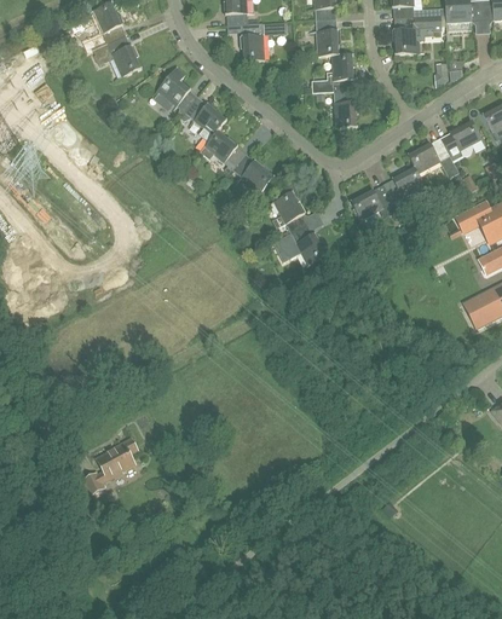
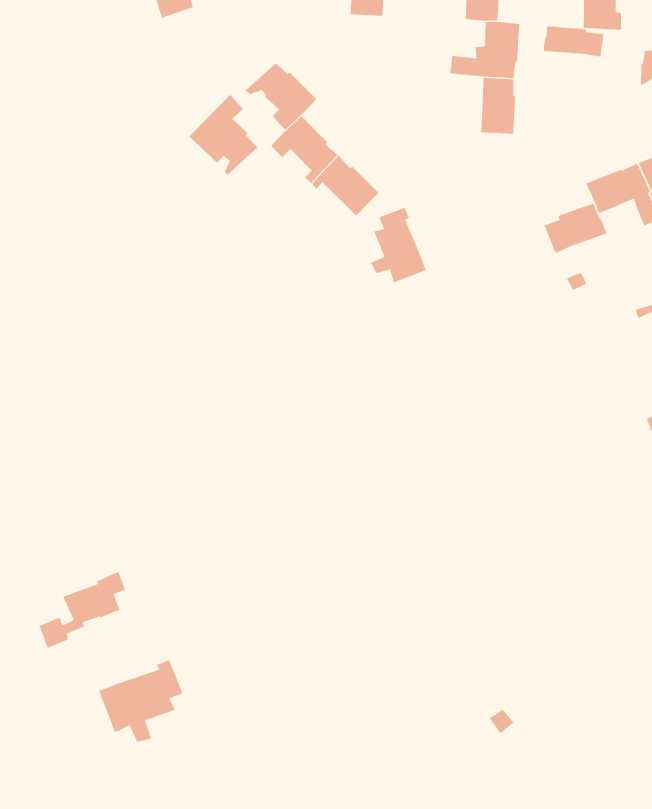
building: none -> [543,25,604,58]
building: [151,65,197,118] -> [189,94,258,176]
building: [350,185,397,221] -> none
building: [273,222,327,265] -> none
building: none -> [98,659,183,743]

